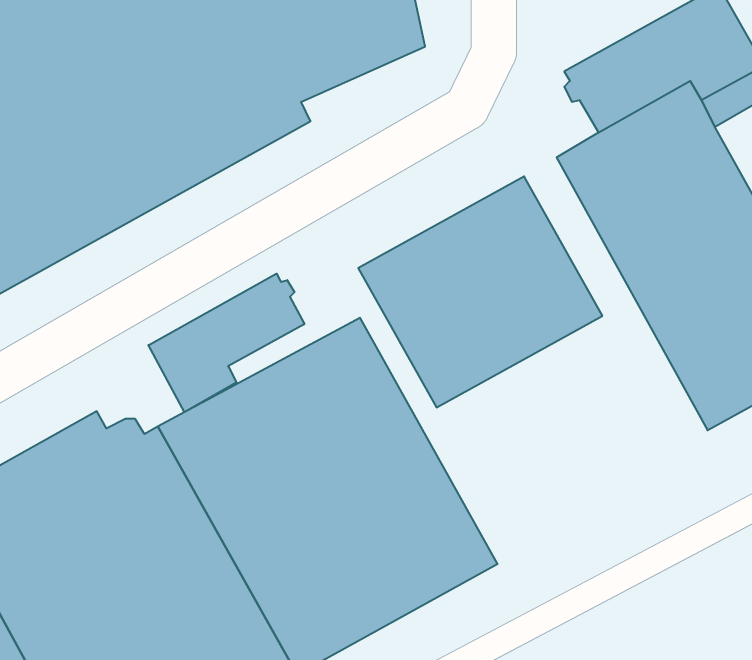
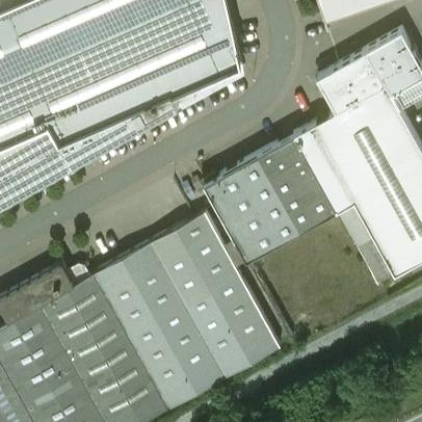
building: none -> [295,126,395,285]
building: [148,274,304,412] -> none

